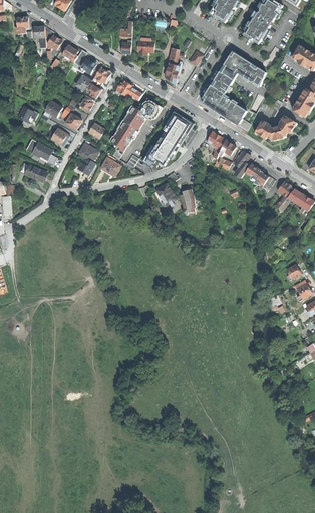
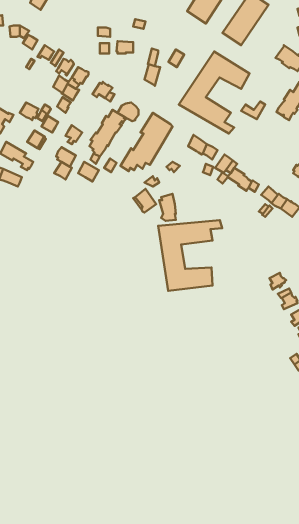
building: [255,115,294,140] -> none
building: none -> [158,220,222,291]

